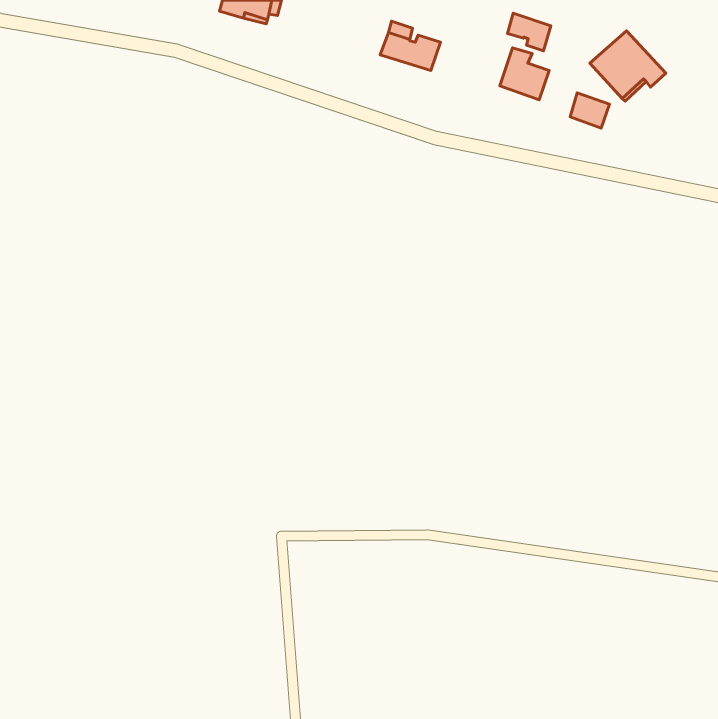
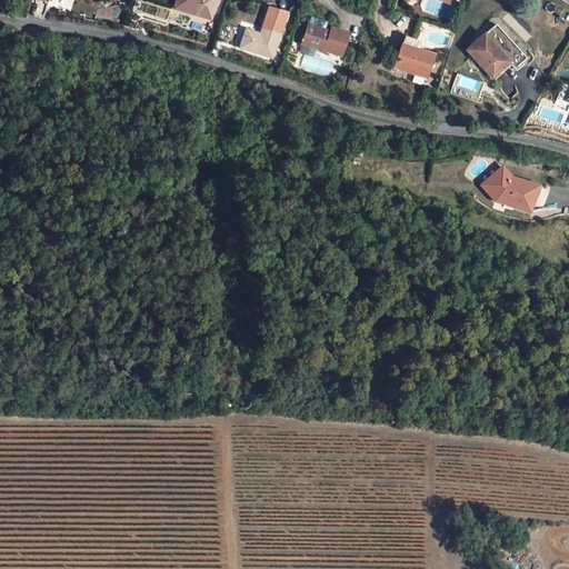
building: none -> [240,9,286,58]
building: [508,13,551,51] -> none
building: none -> [481,167,537,211]

